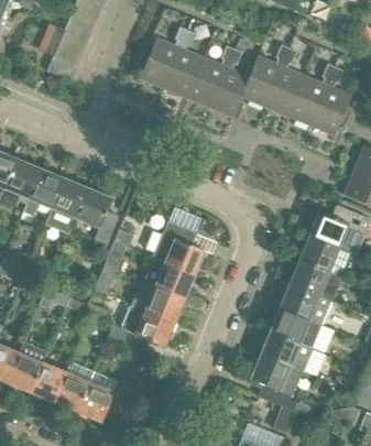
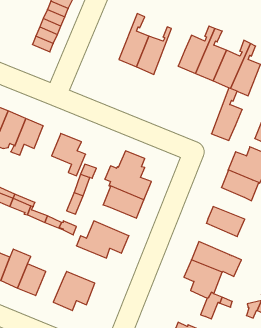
building: [141,26,188,89] -> none
building: [210,48,251,118] -> [211,88,242,140]
building: [52,177,87,217] -> none
building: [288,259,340,301] -> none
building: [131,284,187,323] -> none
building: [270,306,320,348] -> none
building: [54,360,95,411] -> none

